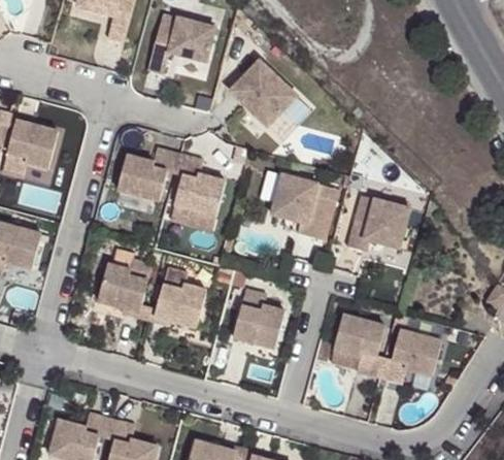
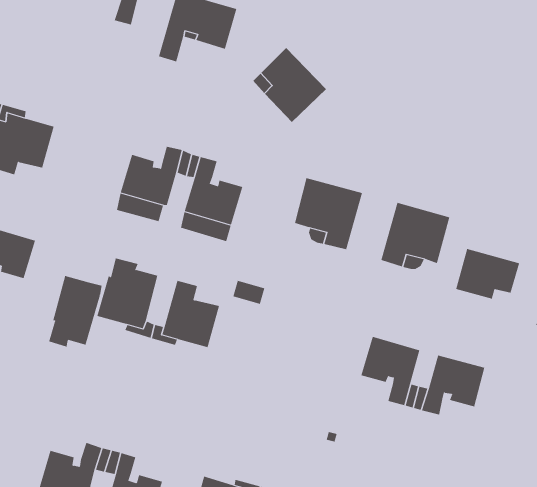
building: none -> [456,248,520,300]
building: none -> [49,275,102,347]
building: [232,289,284,350] -> none

